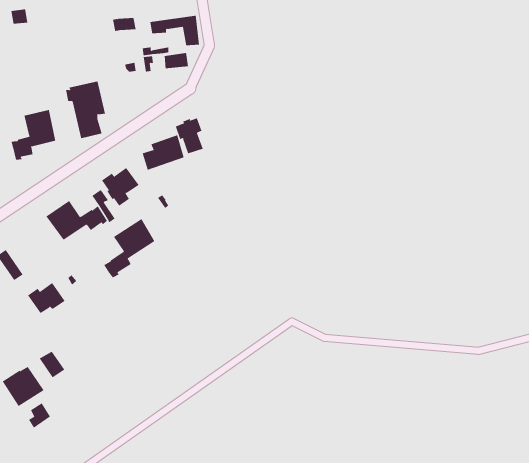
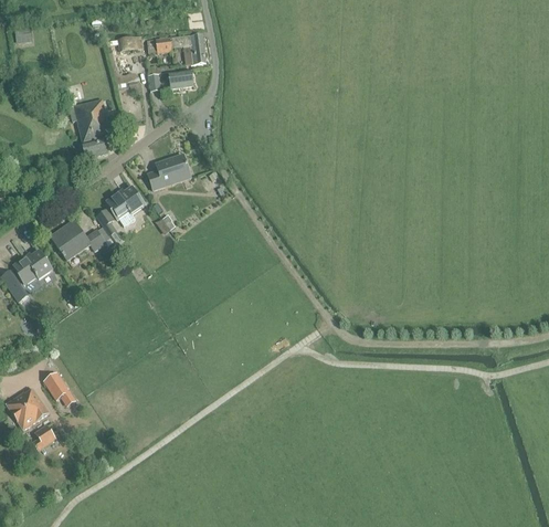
building: [11,109,56,161] -> none
building: [175,118,204,154] -> none
building: [103,218,155,278] -> none
building: [27,282,65,314] -> [13,251,52,283]

